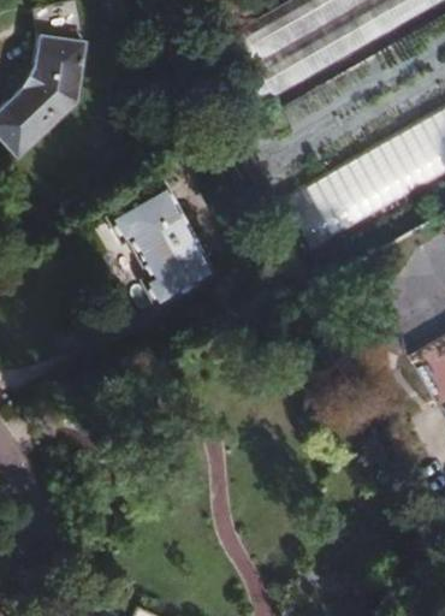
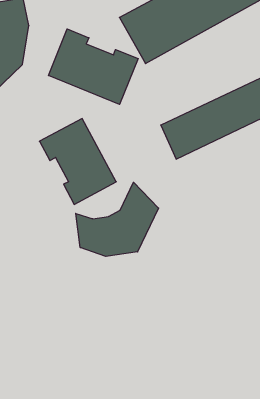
building: none -> [49,29,138,104]
building: none -> [76,182,159,256]

